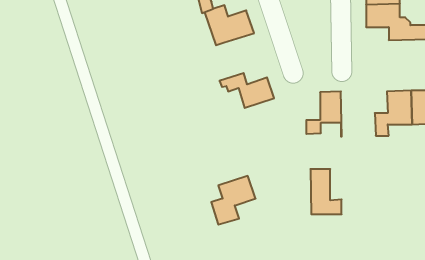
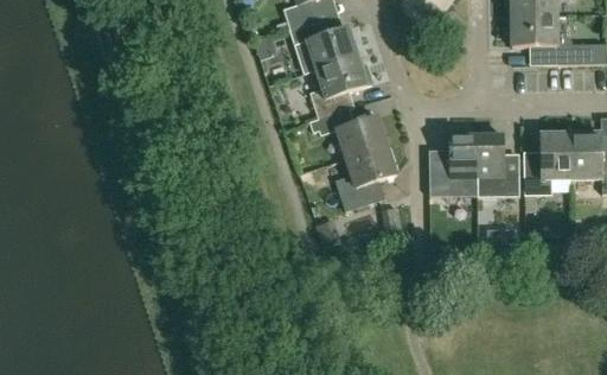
building: none -> [311,55,372,120]
building: [310,169,342,214] -> [477,134,519,196]
building: [211,176,256,225] -> [336,144,396,210]

